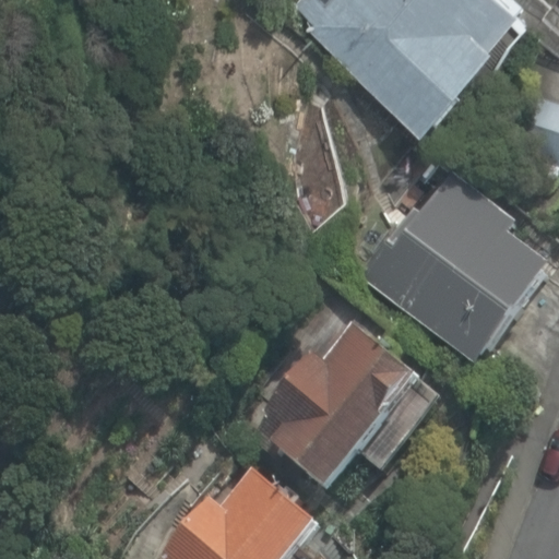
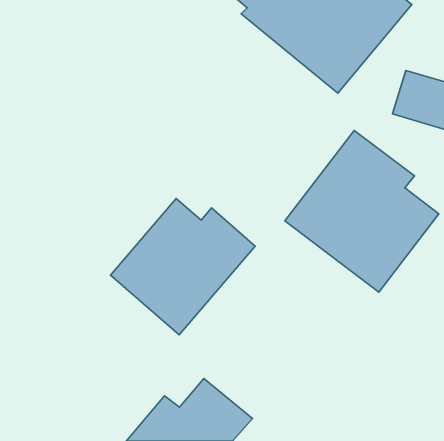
building: none -> [110,199,255,335]
building: [264,333,415,489] -> none

